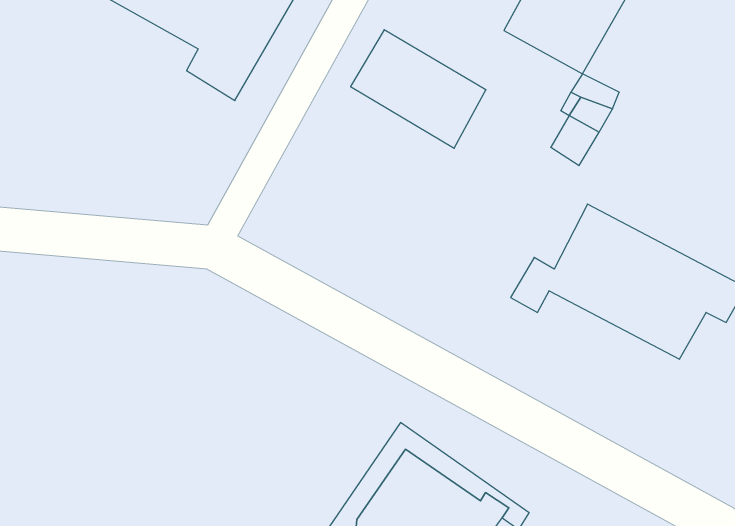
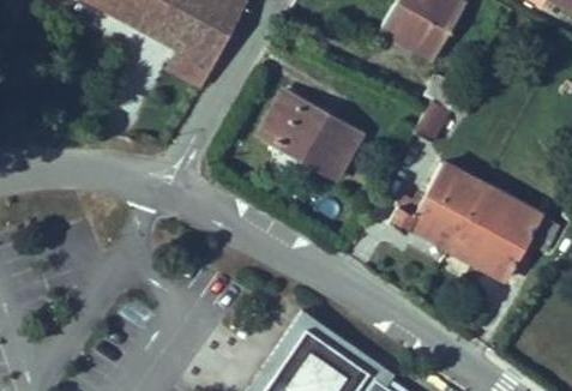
building: [351,30,486,148] -> [259,91,356,176]

